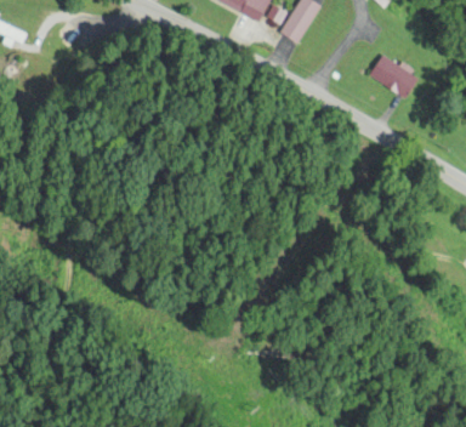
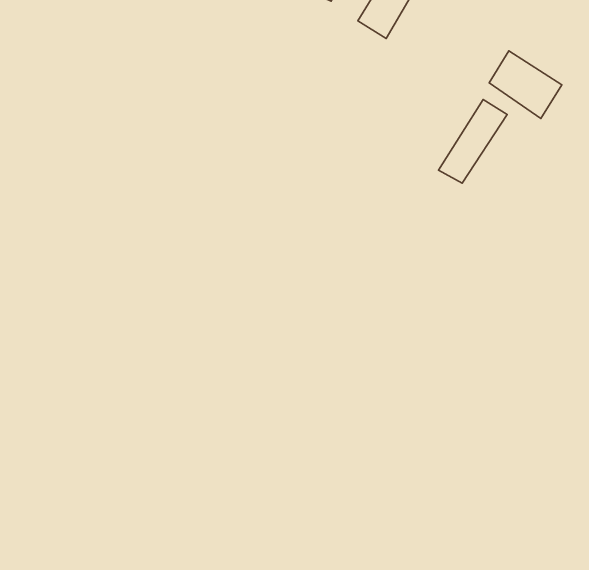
building: none -> [439,100,507,183]

